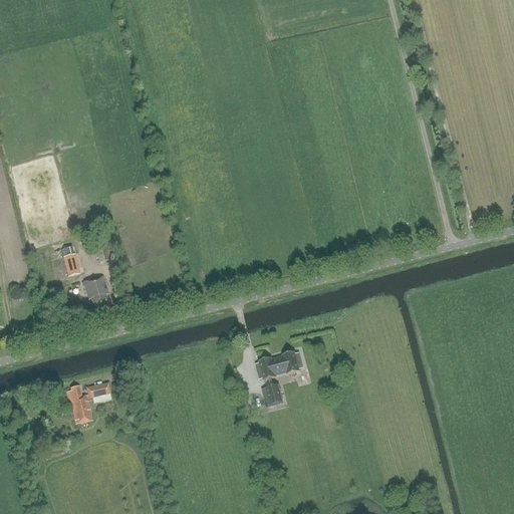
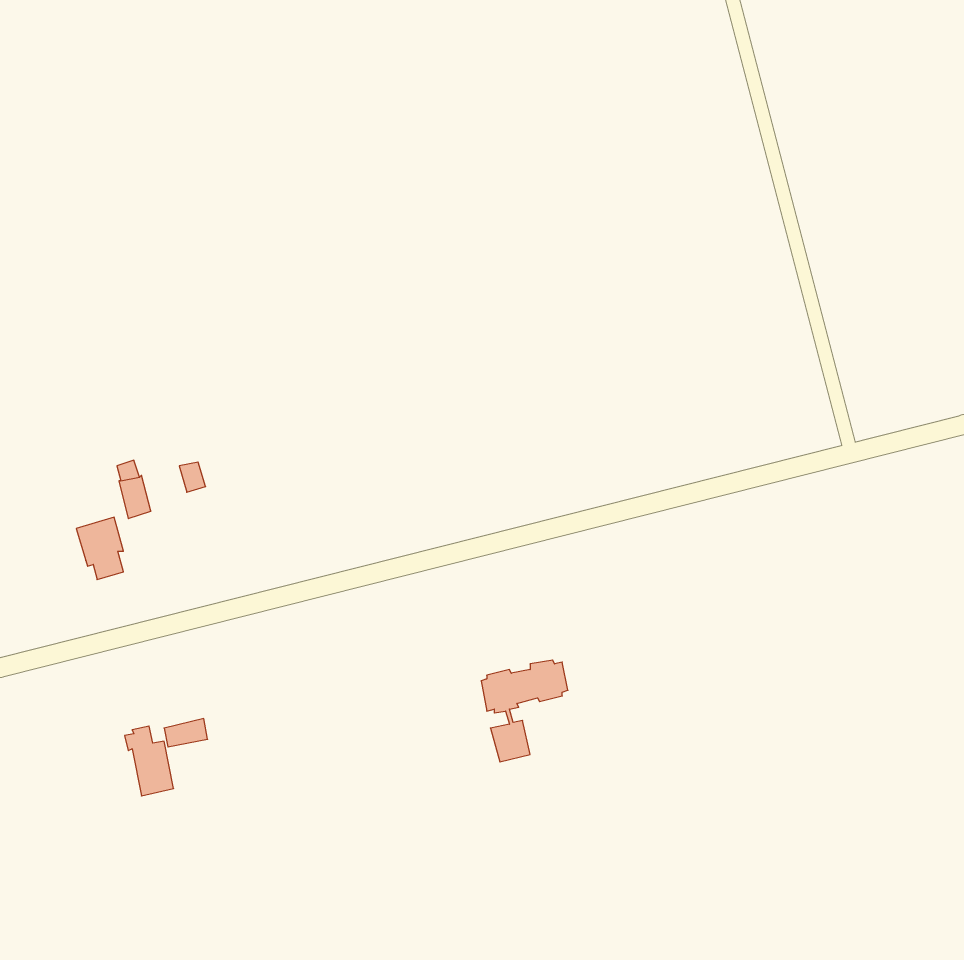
building: [83,275,108,308] -> [76,517,123,580]

